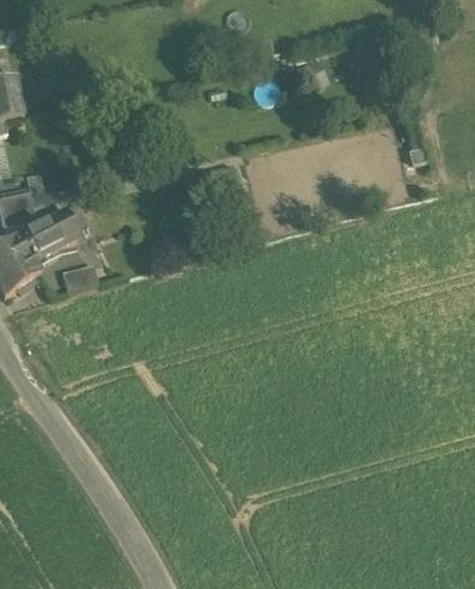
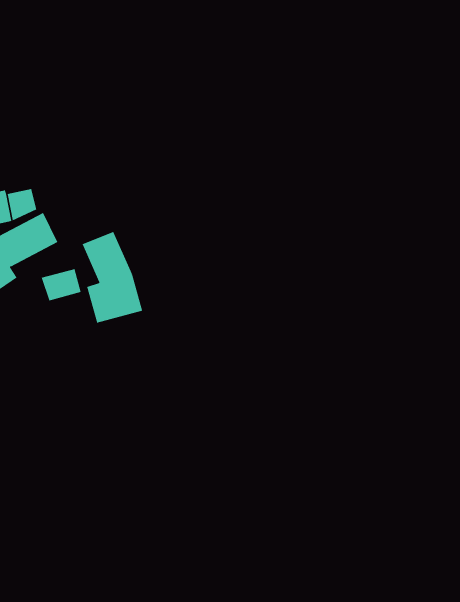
building: none -> [82,231,143,324]

